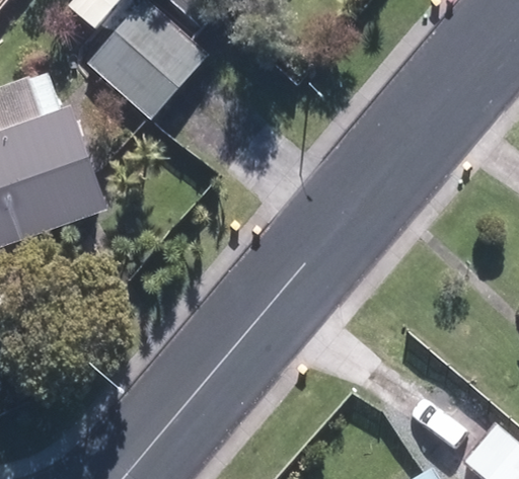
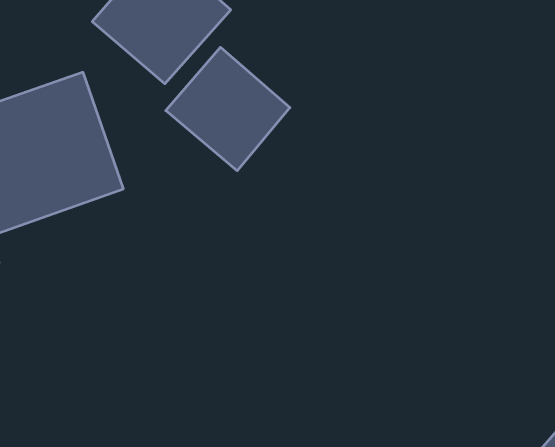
building: none -> [166,47,290,171]

